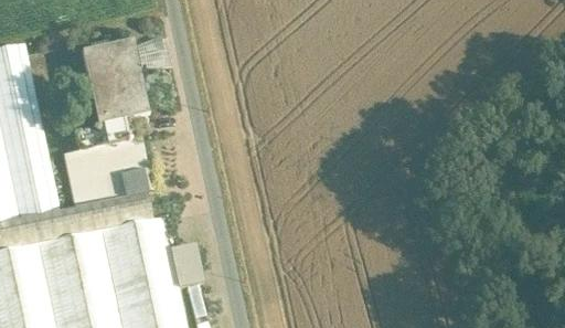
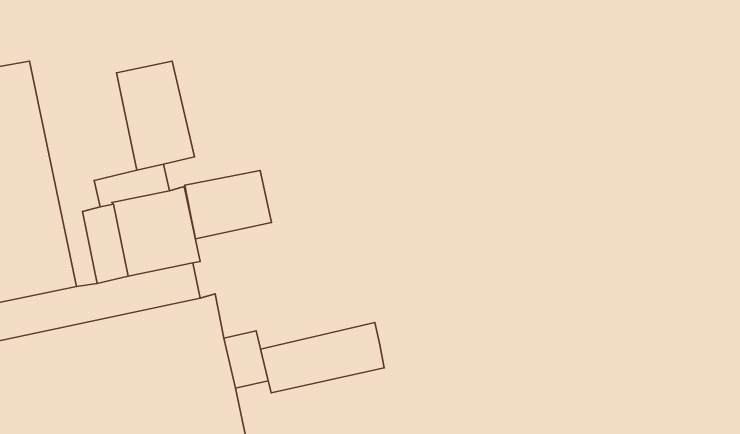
building: none -> [185,171,271,239]
building: none -> [261,322,384,393]

